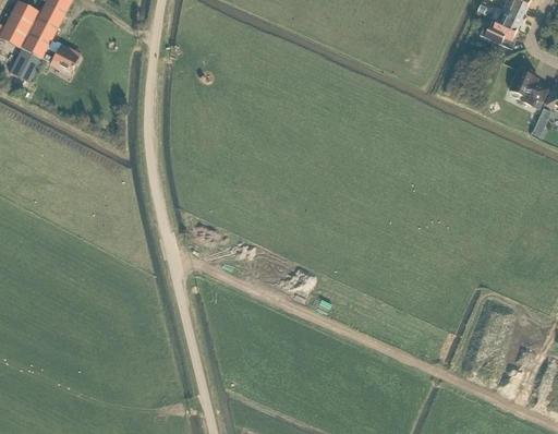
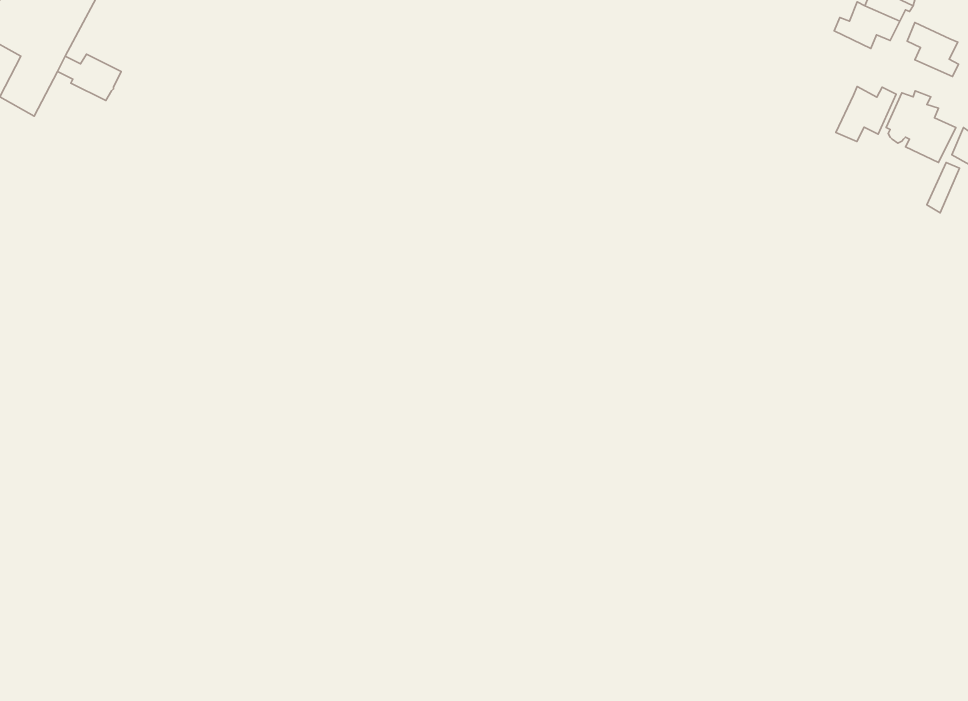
building: none -> [907,23,958,76]
building: none -> [836,87,896,141]

